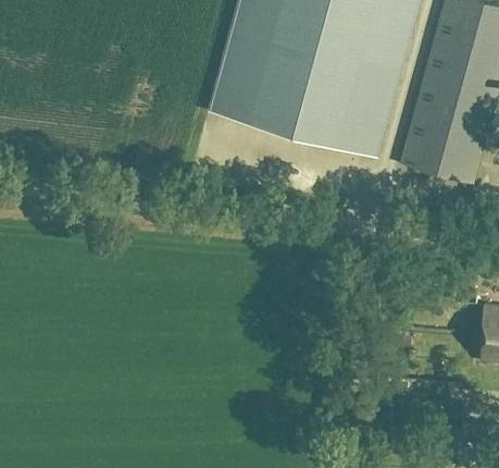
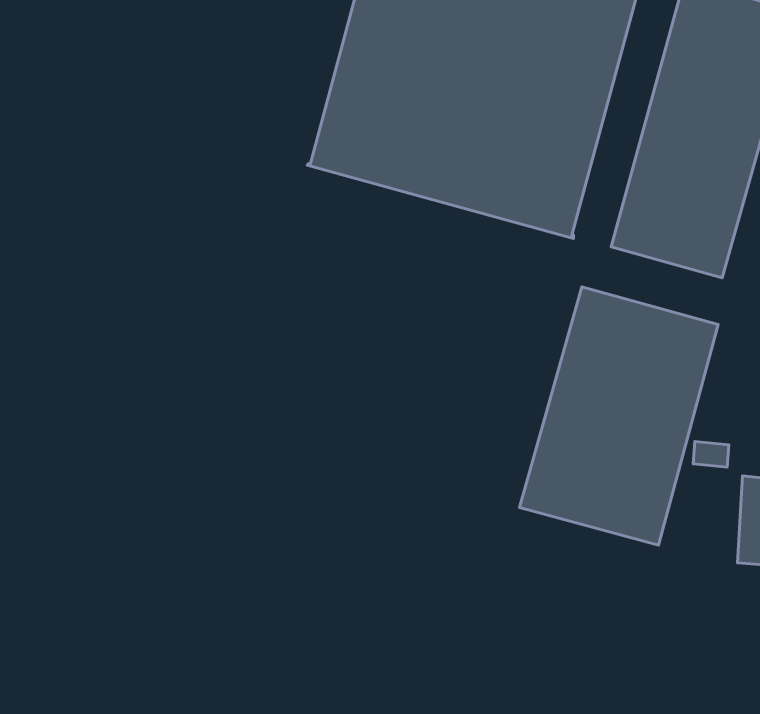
building: none -> [520,287,718,545]

